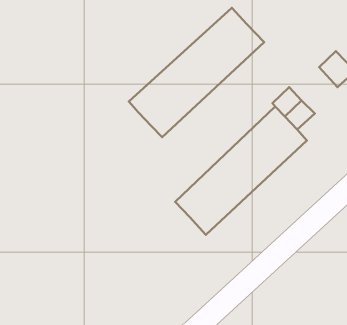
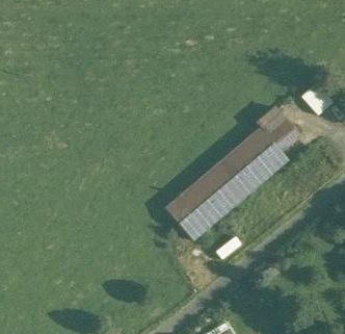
building: [129,8,264,137] -> none

